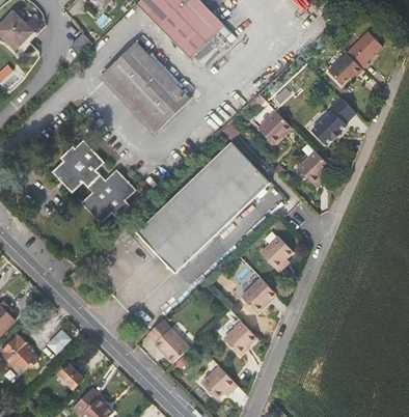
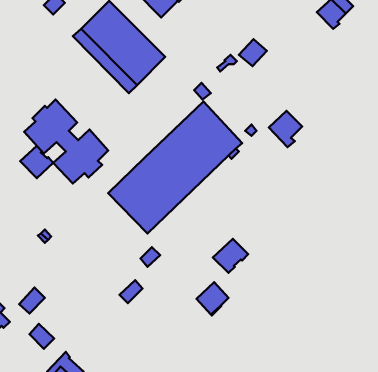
building: [326,52,360,84] -> none
building: [310,96,355,145] -> none
building: [257,111,290,143] -> none
building: none -> [20,146,53,178]
building: [260,235,292,272] -> none
building: [154,328,188,363] -> none
building: [200,366,237,399] -> none

